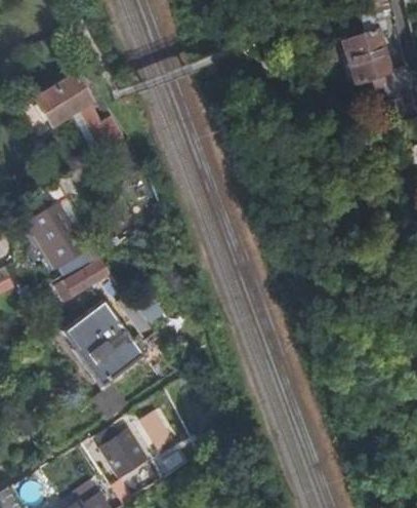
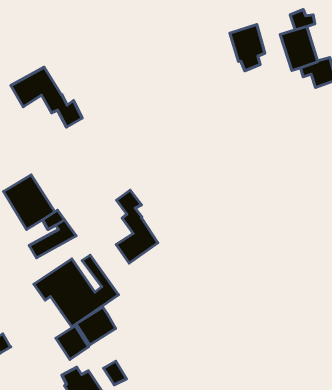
building: none -> [230,24,265,71]
building: none -> [116,190,158,263]
building: none -> [76,307,116,345]

